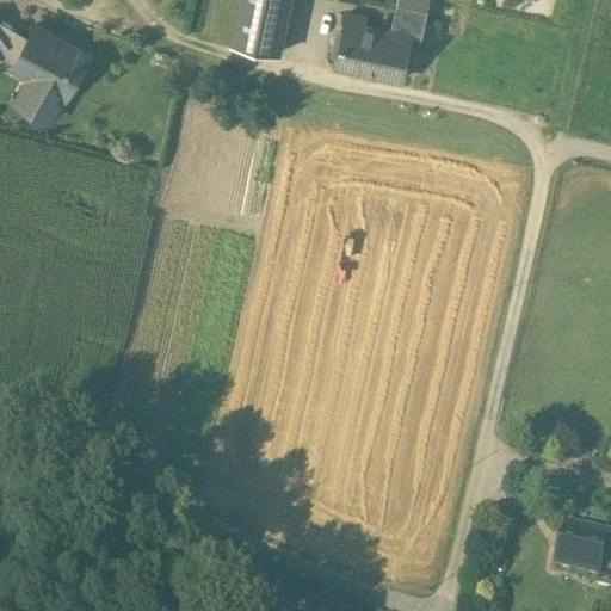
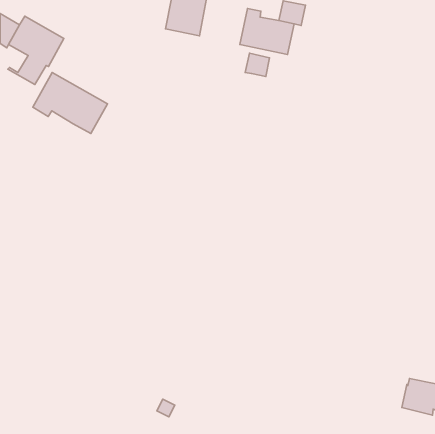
building: none -> [245,53,270,76]
building: none -> [33,73,107,134]

